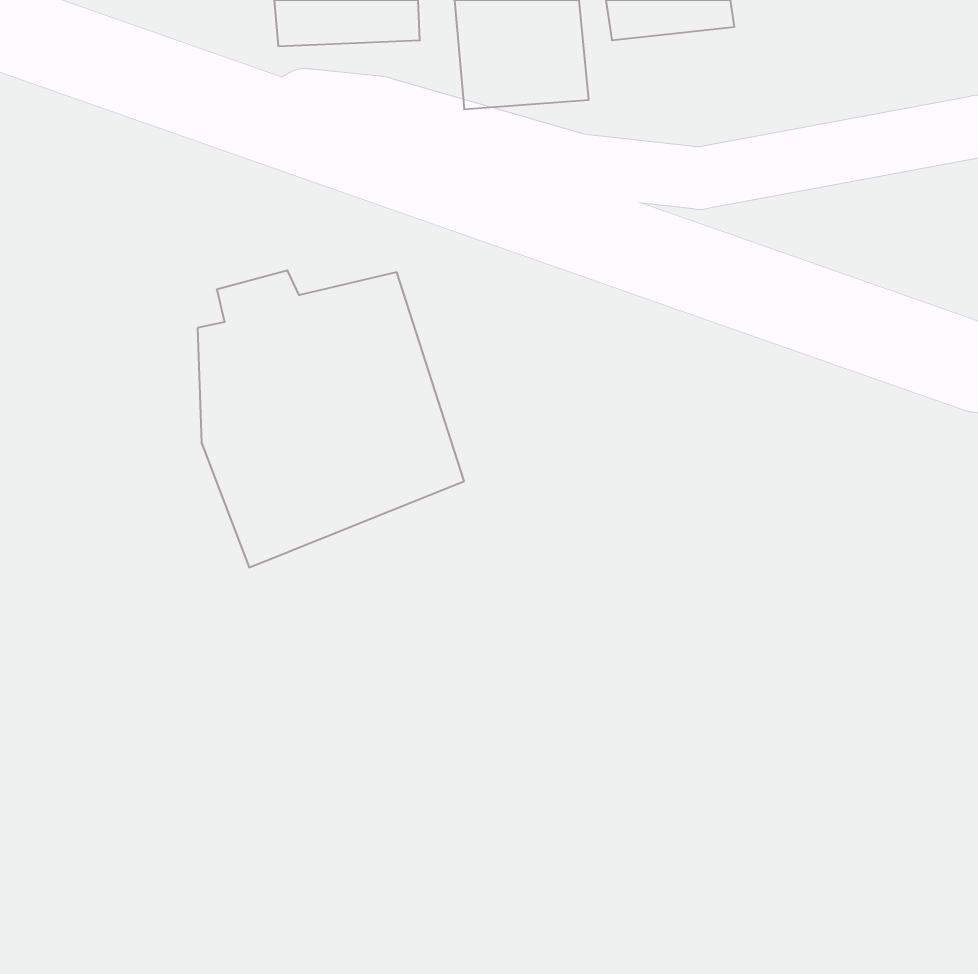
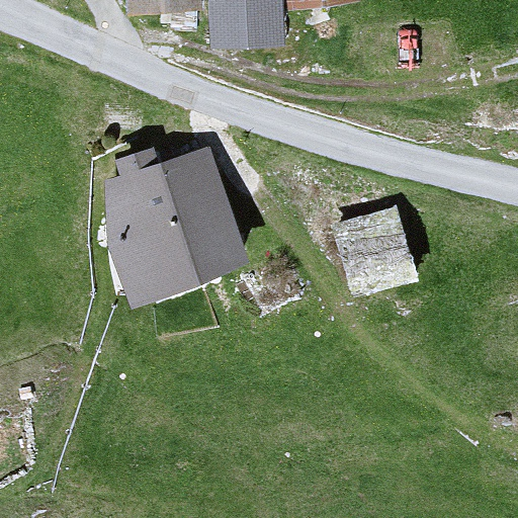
building: none -> [329,205,420,295]

